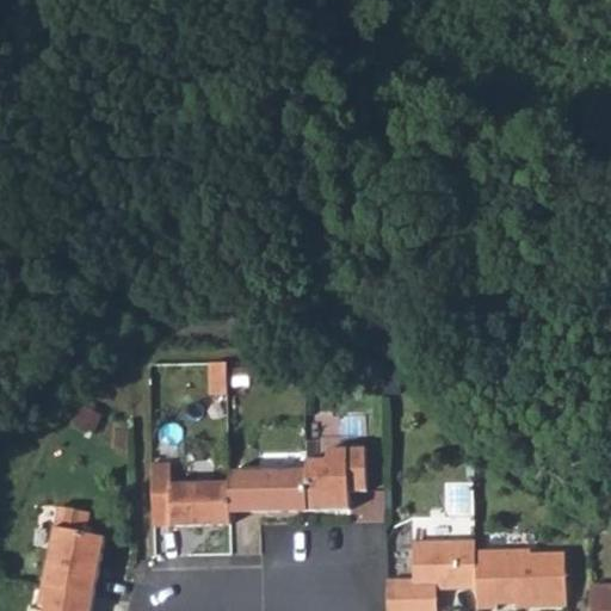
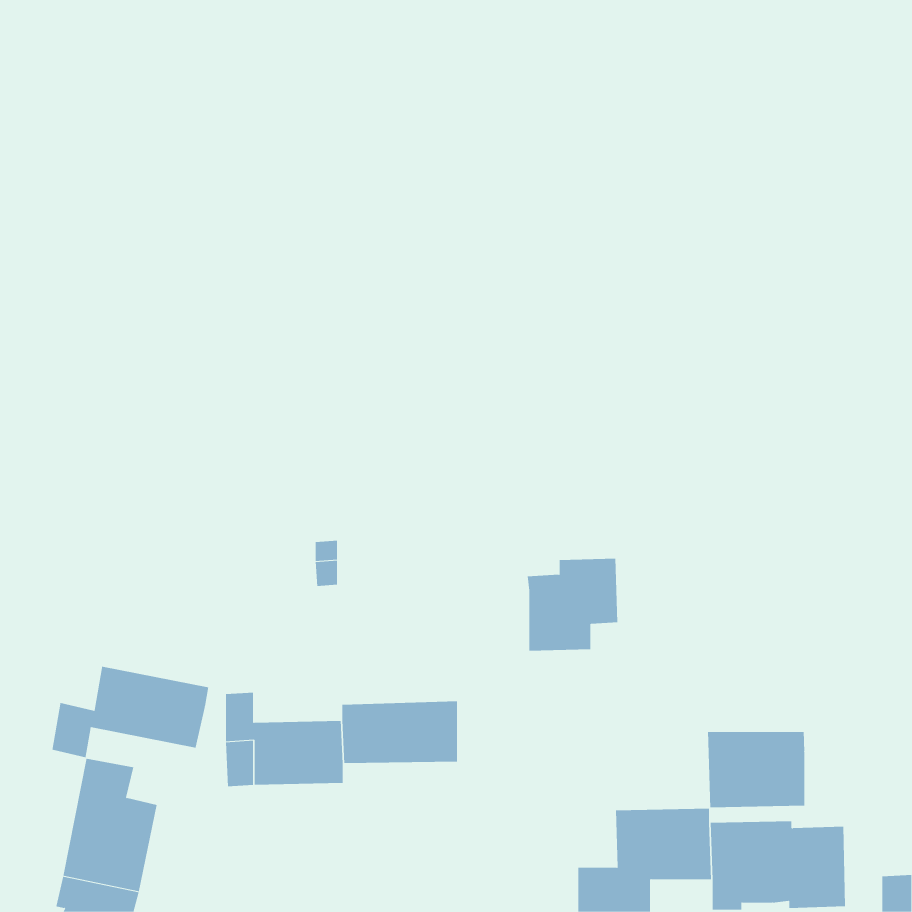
building: none -> [52,666,209,758]
building: [304,446,365,508] -> [527,558,618,651]
building: none -> [707,731,805,808]

